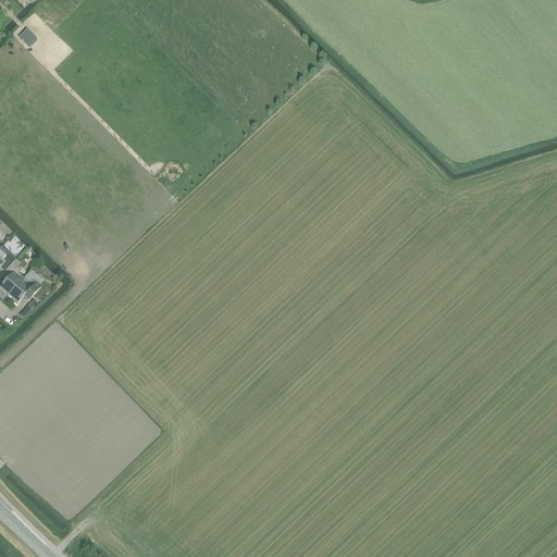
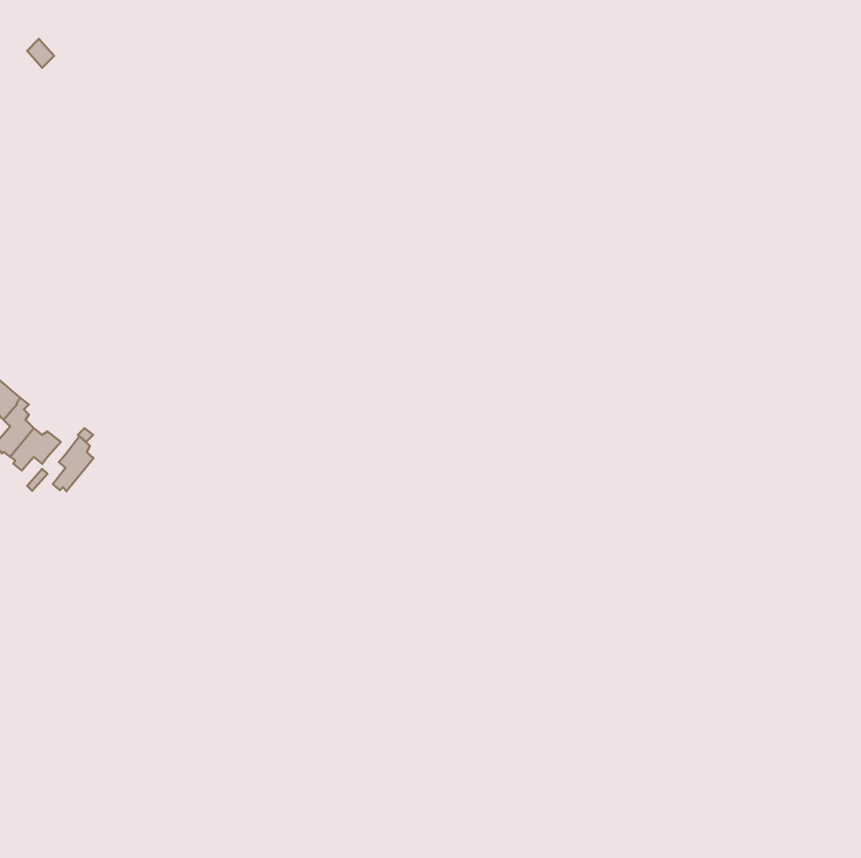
building: none -> [53,436,94,491]

